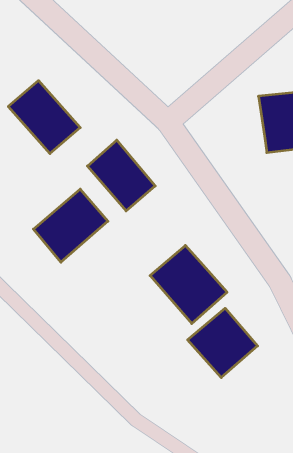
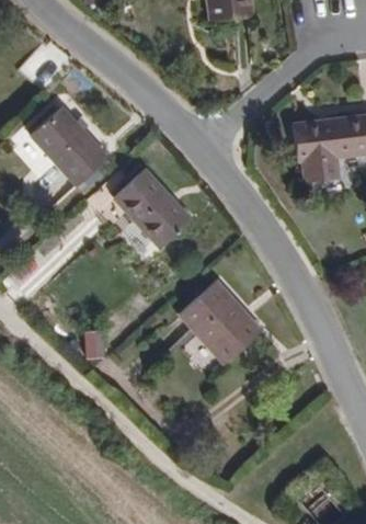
building: [33,189,108,262] -> none
building: [188,308,258,378] -> none

